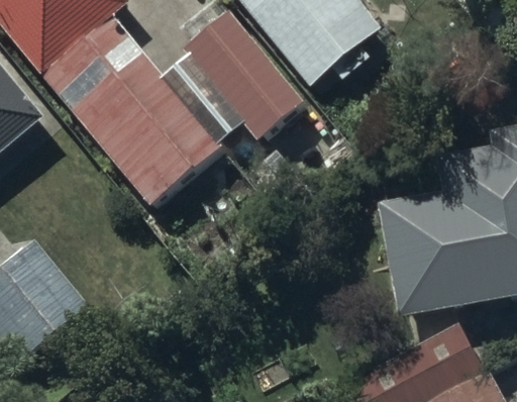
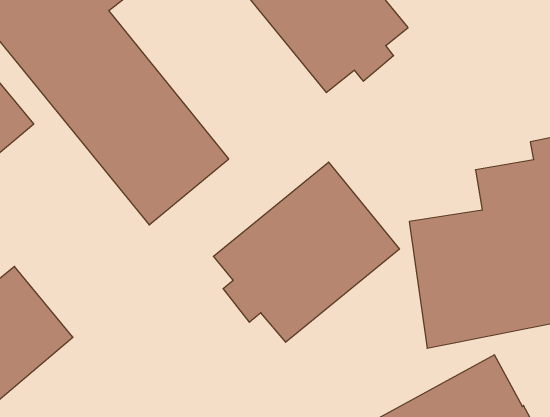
building: [177,14,302,139] -> none
building: none -> [213,162,399,342]

